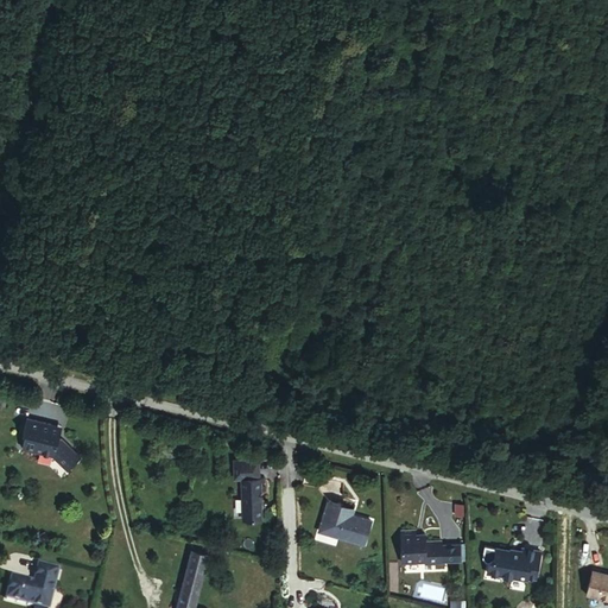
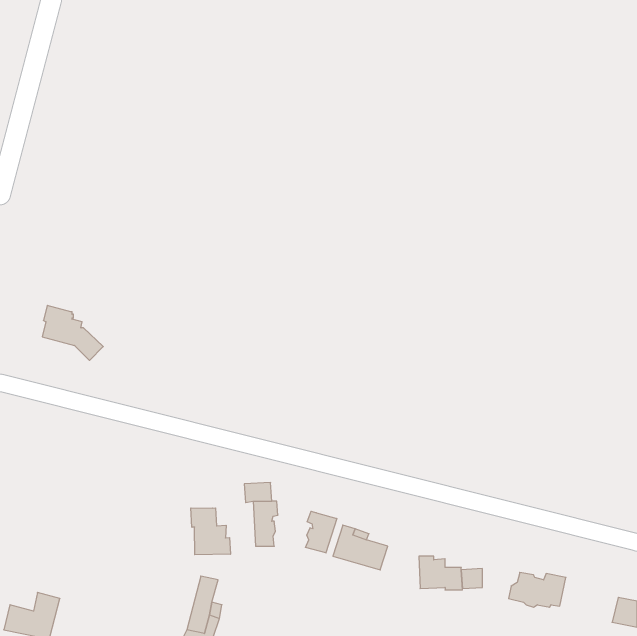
building: [21,418,80,470] -> [42,305,103,360]
building: none -> [191,508,230,555]
building: none -> [306,511,337,553]

